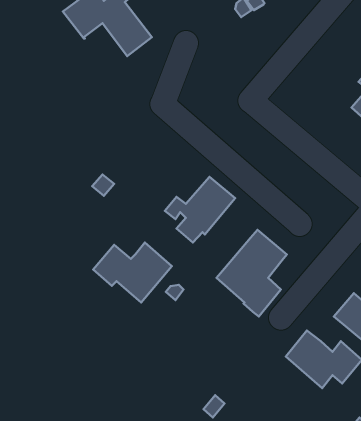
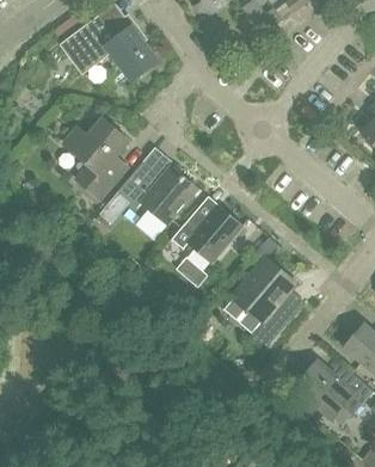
building: none -> [64,119,127,199]
building: [93,243,172,302] -> [118,164,198,225]

